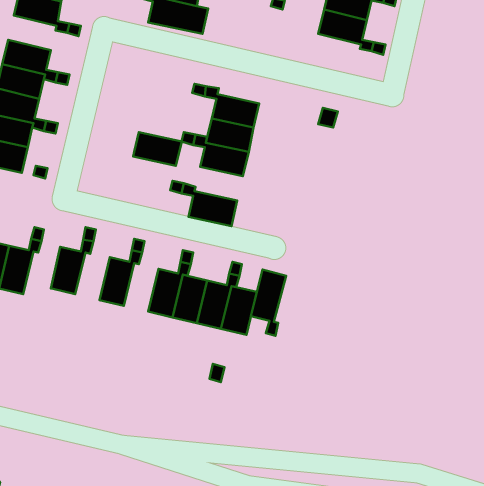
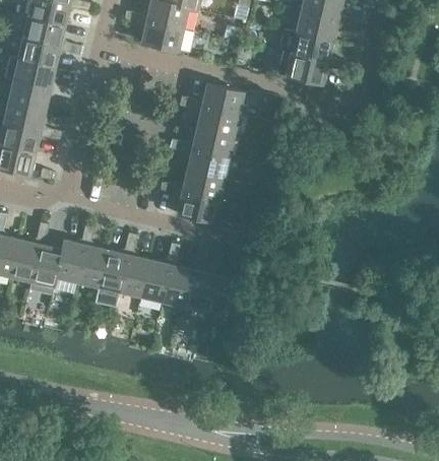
building: none -> [17,38,60,68]
building: none -> [285,54,327,85]
building: none -> [201,84,243,115]
building: [133,132,182,166] -> [181,171,224,200]
building: none -> [30,245,61,287]
building: none -> [76,246,107,287]
building: none -> [119,255,149,298]
building: [251,270,286,336] -> none

